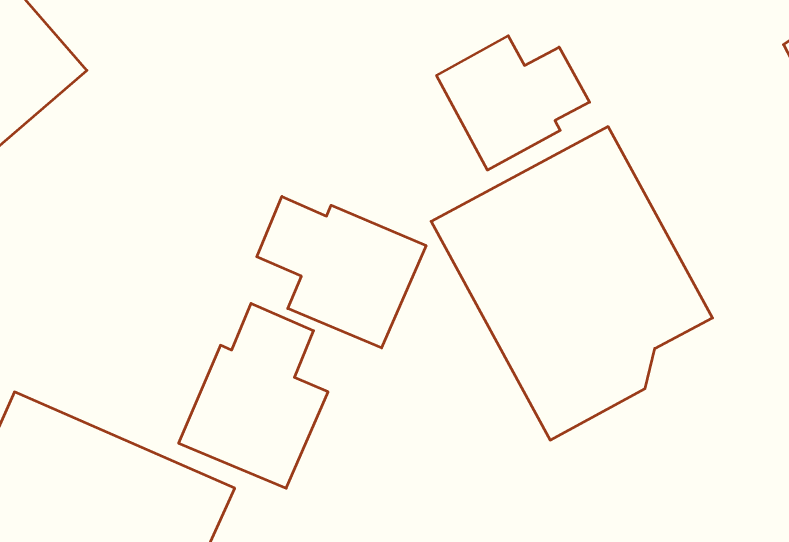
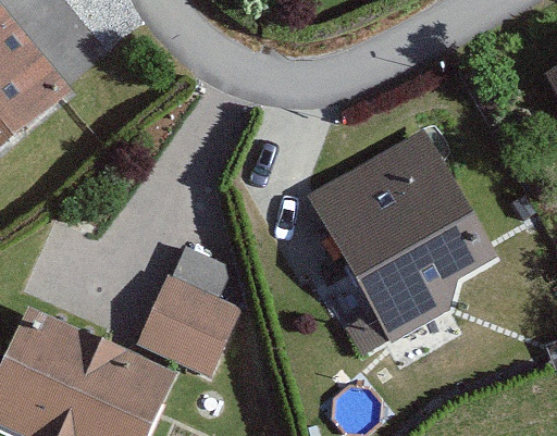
building: [437,36,590,170] -> none
building: [257,196,426,348] -> none

